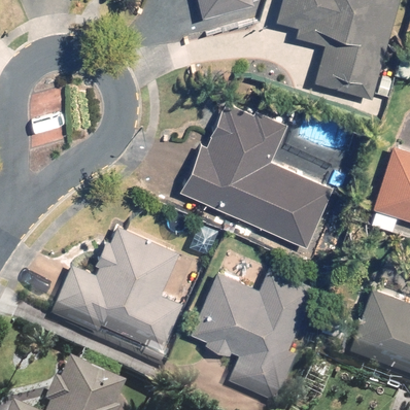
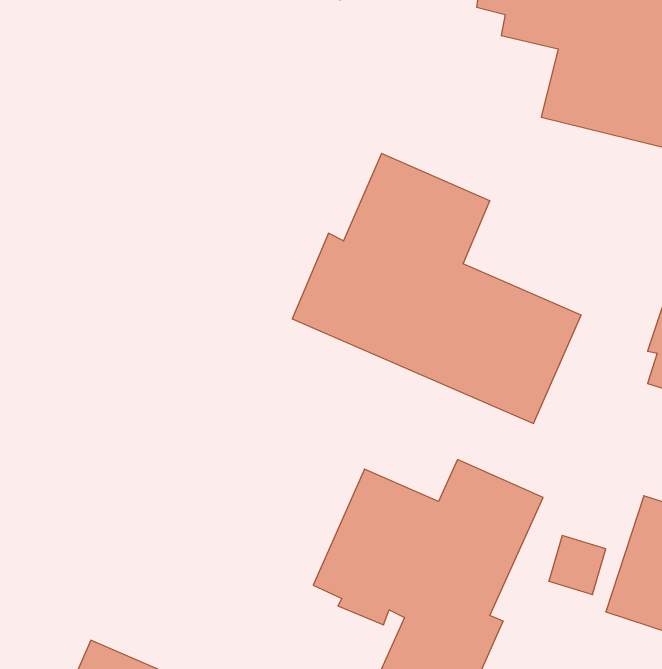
building: [54,225,181,354] -> none

